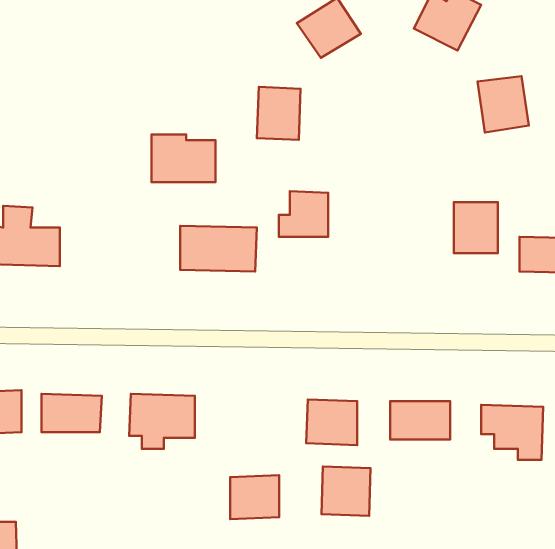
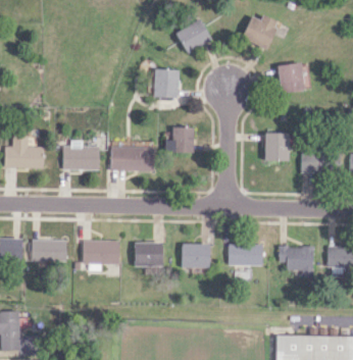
building: [152,135,215,182] -> [63,143,99,169]
building: [322,466,371,516] -> none
building: [230,475,279,519] -> [136,242,163,266]

